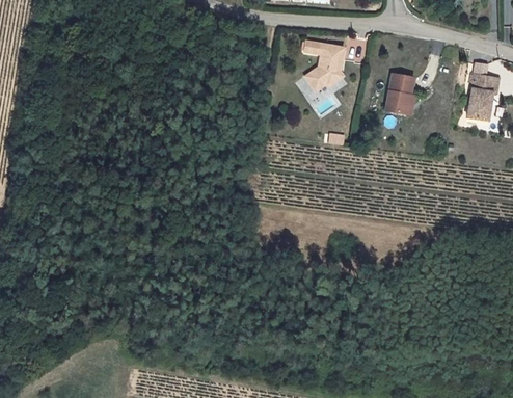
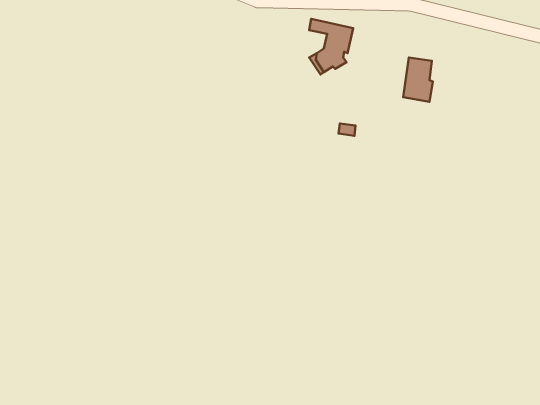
building: [469,75,500,122] -> none

